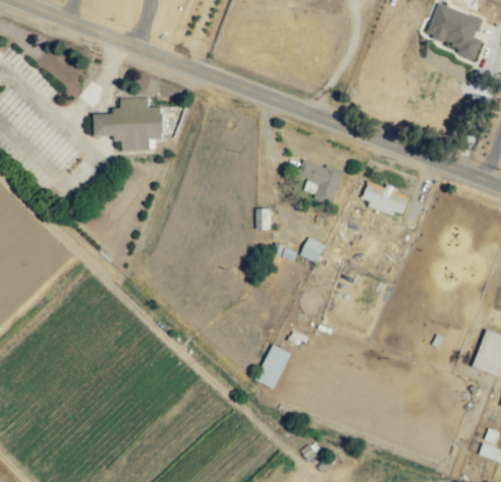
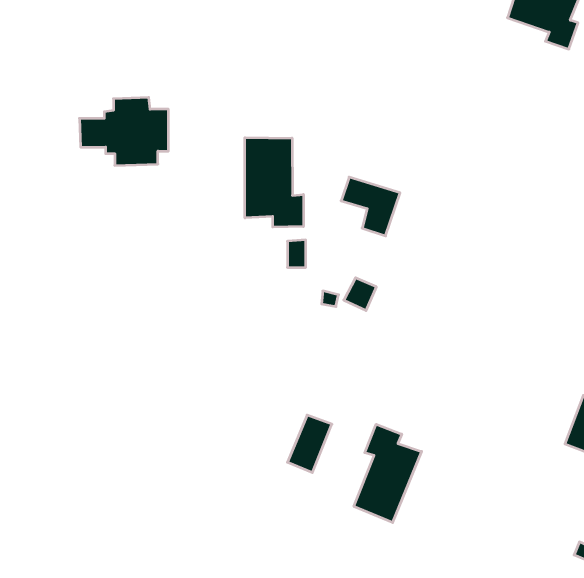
building: none -> [245,138,303,227]
building: [361,183,408,216] -> none
building: none -> [354,424,422,523]

